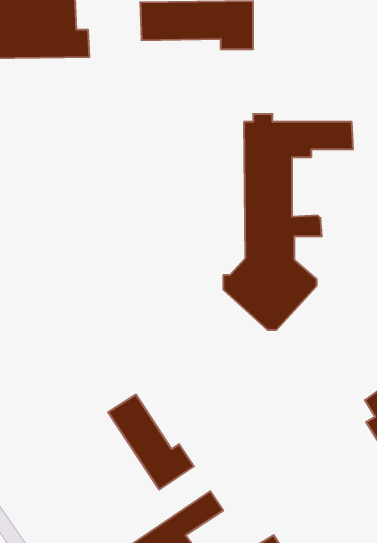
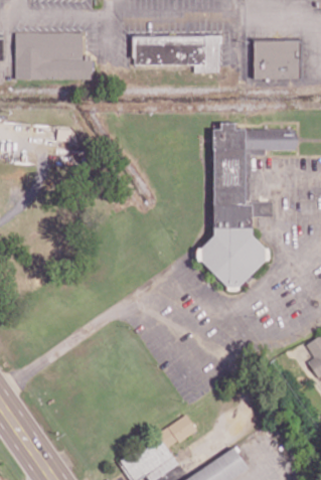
building: none -> [253,40,299,79]
building: [108,395,194,490] -> none

